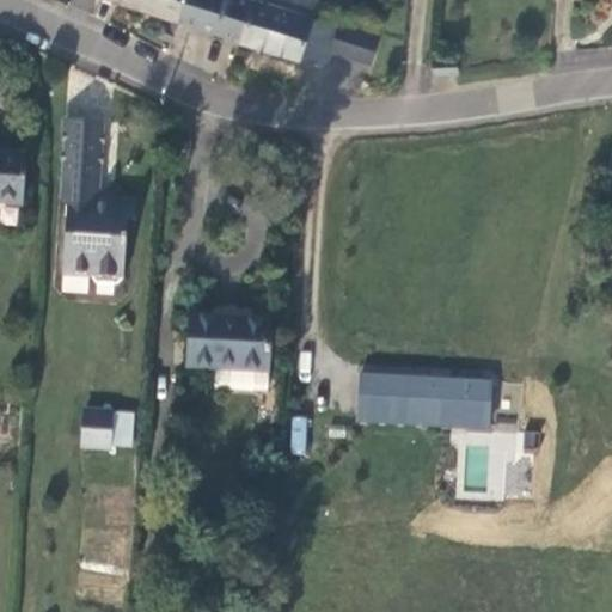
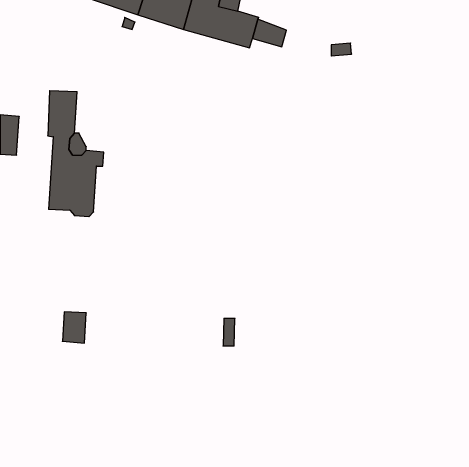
building: [185,313,271,371] -> none
building: [359,377,492,432] -> none

